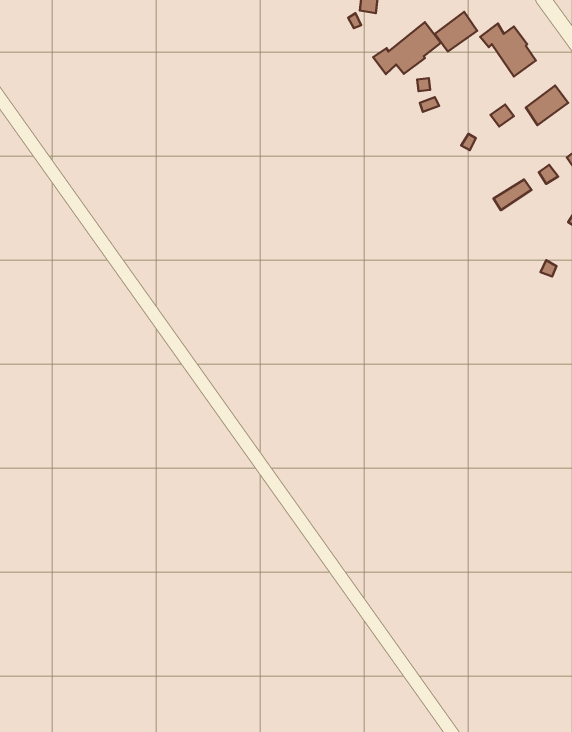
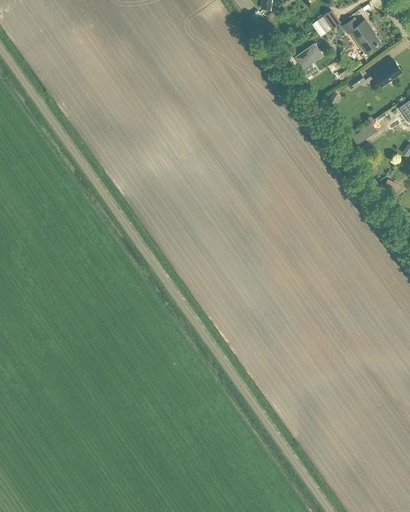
building: [373,22,441,74] -> none

